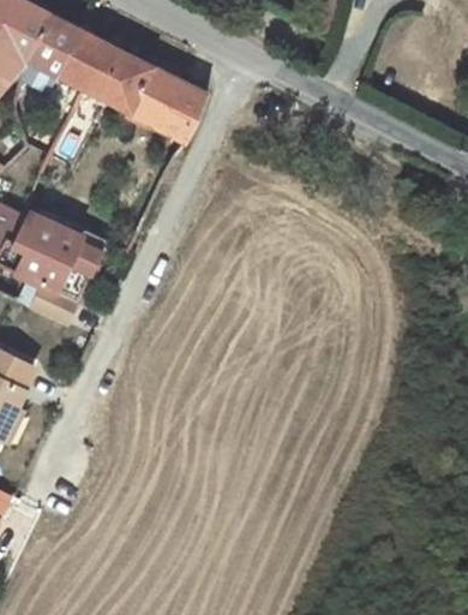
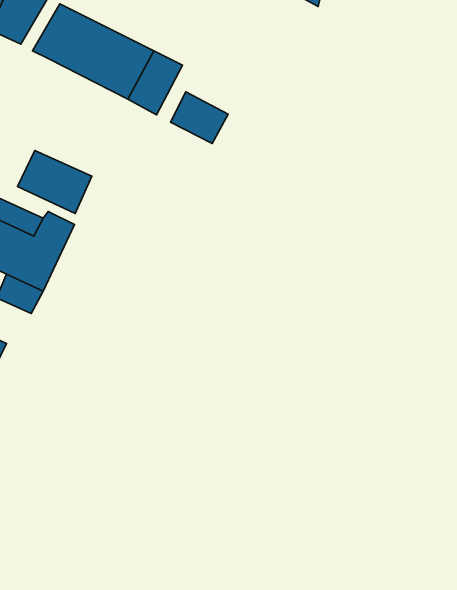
building: none -> [170,92,228,143]
building: none -> [17,151,92,213]

